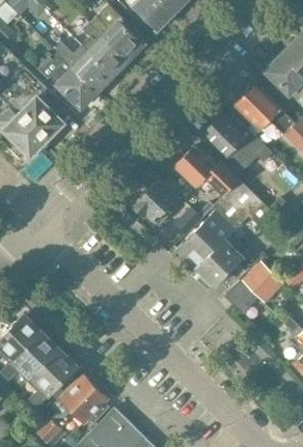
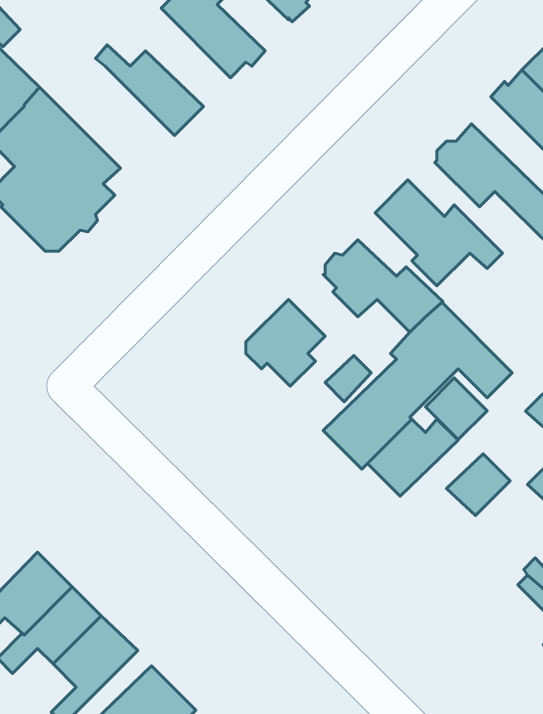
building: [80,22,126,75] -> none
building: [49,53,95,108] -> none
building: [224,281,257,314] -> [425,378,487,440]

